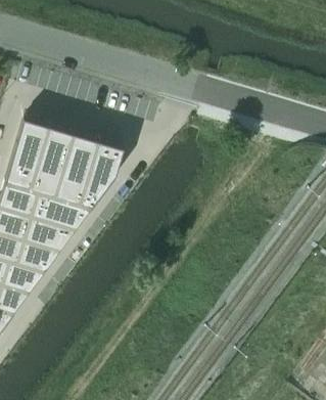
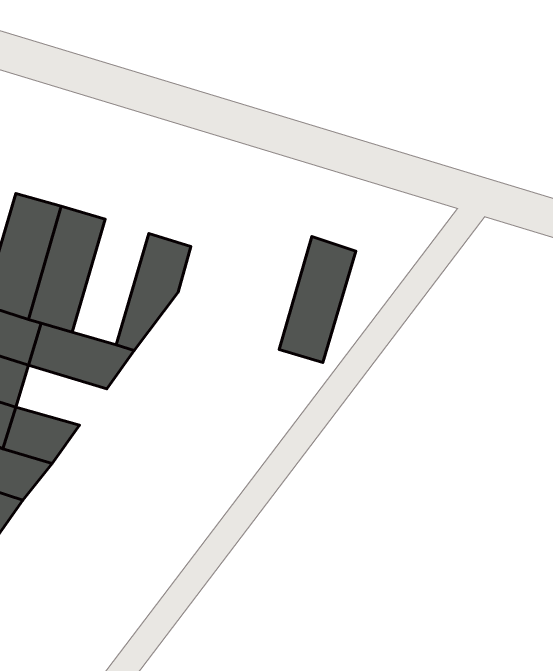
building: [54,137,97,208] -> [279,237,356,362]
building: [22,219,74,253] -> none

